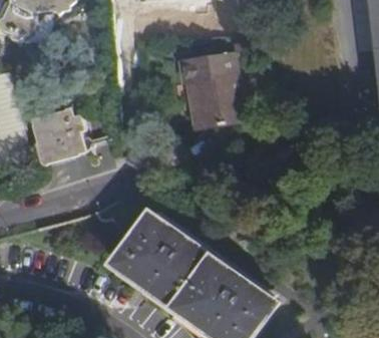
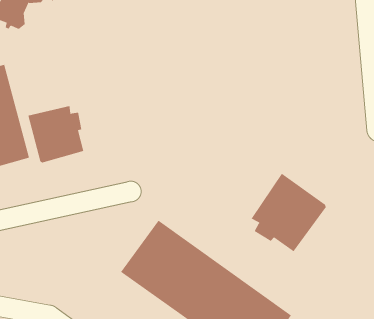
building: [180,56,244,128] -> none
building: none -> [251,173,327,252]

